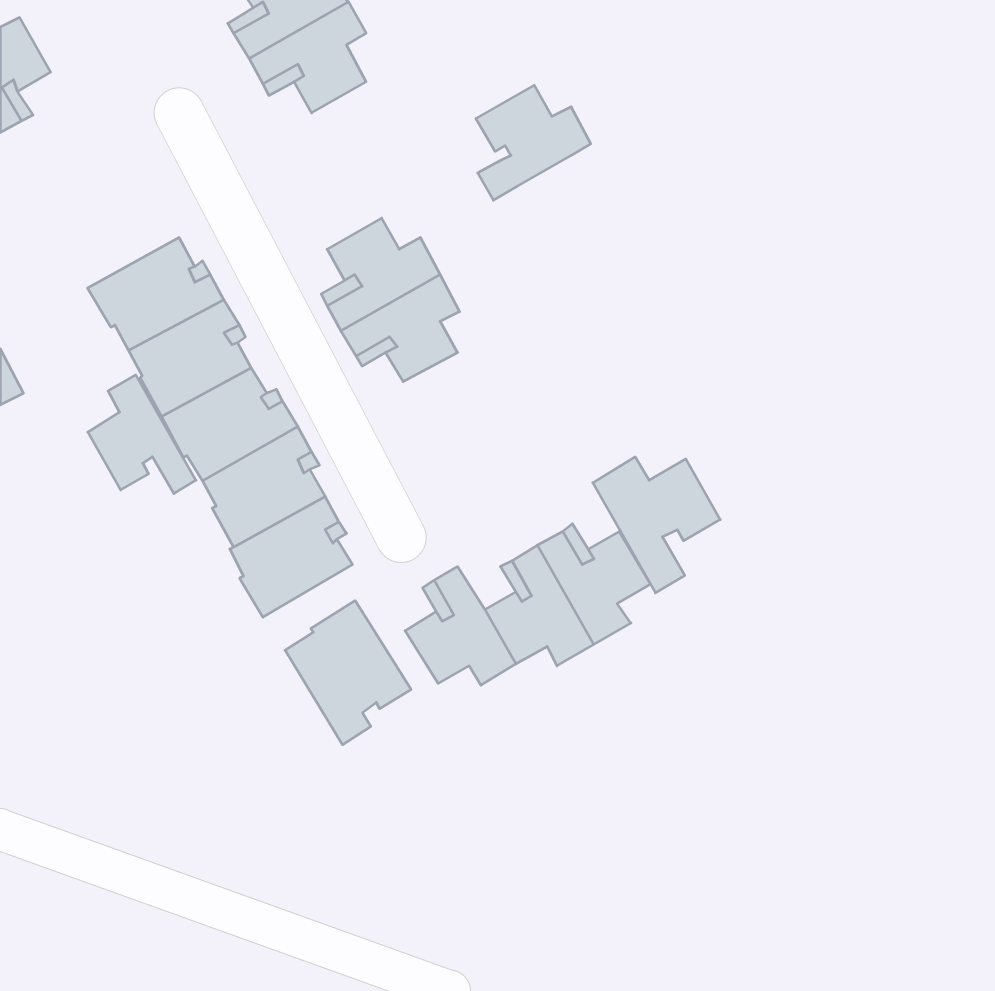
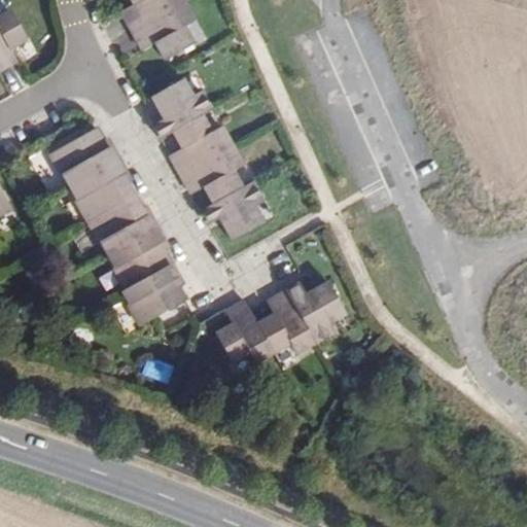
building: [476,85,591,200] -> [151,78,212,139]
building: none -> [200,180,264,240]
building: [88,375,196,494] -> none
building: [593,457,720,593] -> none
building: [285,601,411,745] -> none

